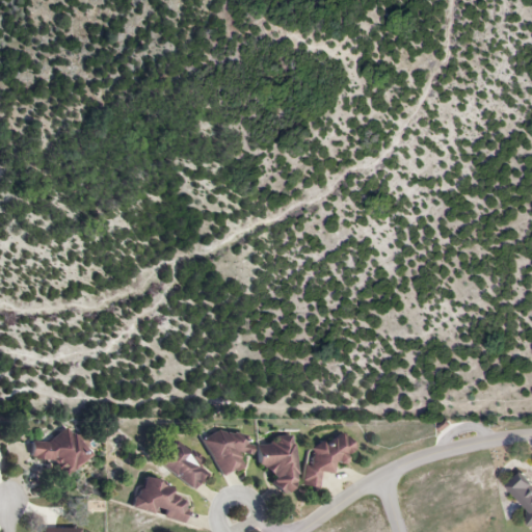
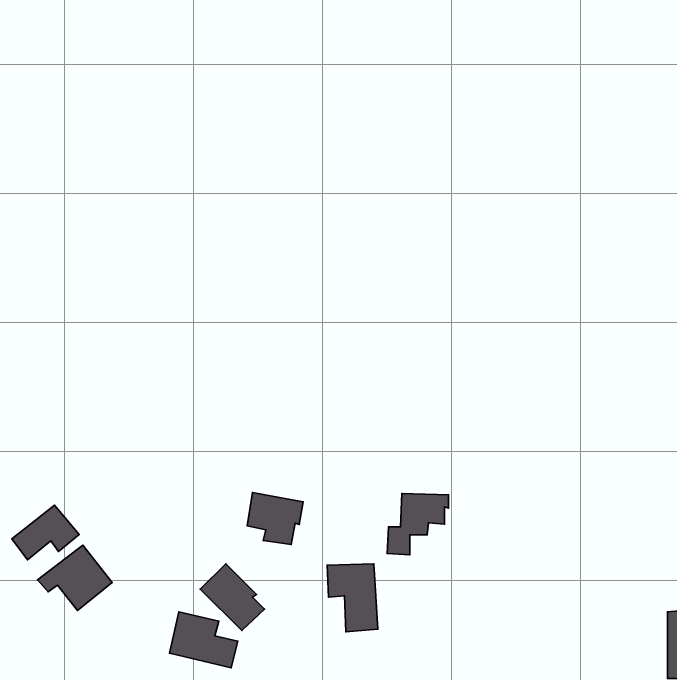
building: none -> [12,505,79,560]
building: [207,430,250,471] -> [247,492,303,545]
building: [303,440,351,487] -> [387,493,448,555]

